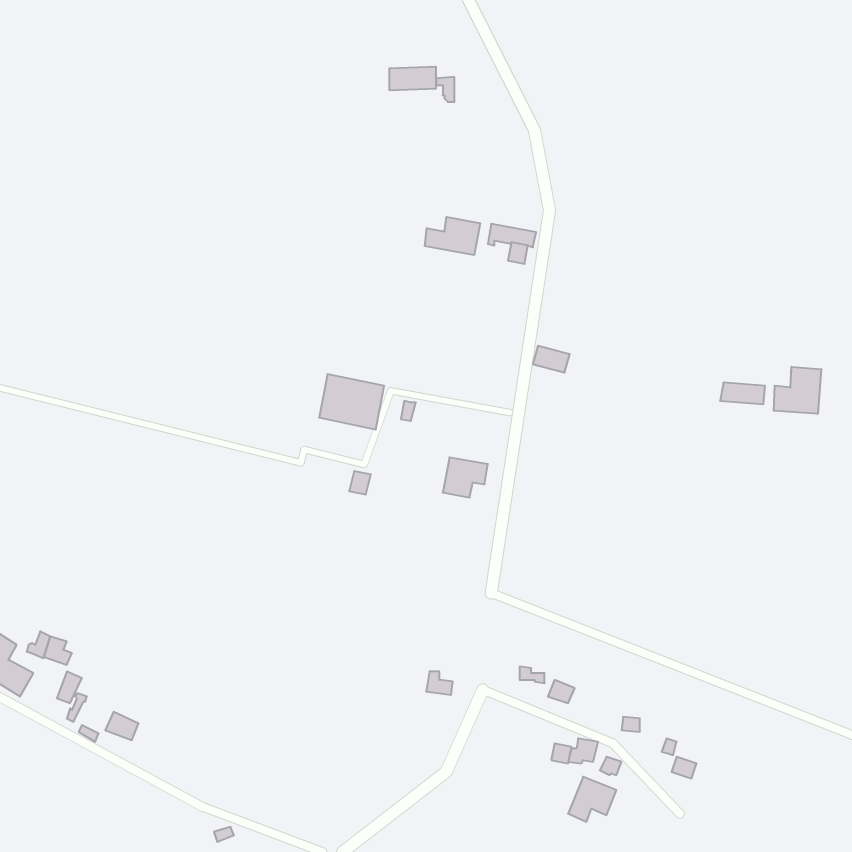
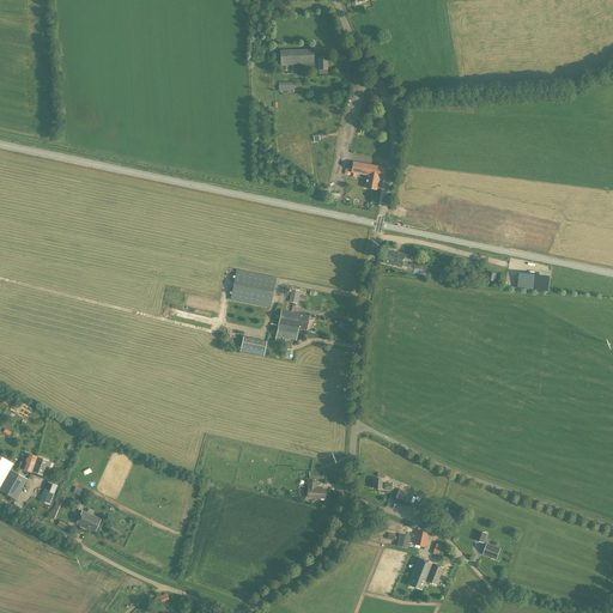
building: [425,217,480,255] -> none
building: [774,367,821,414] -> none
building: [443,457,488,498] -> [275,310,308,339]

